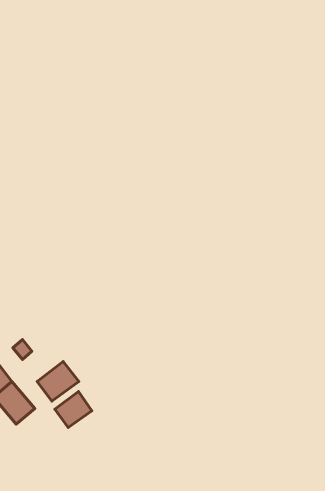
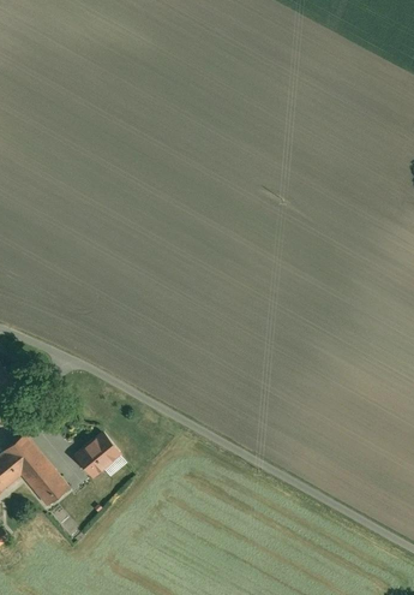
building: [55,392,92,427] -> none

